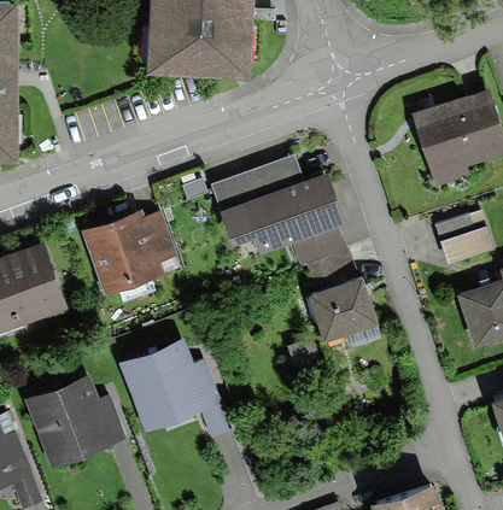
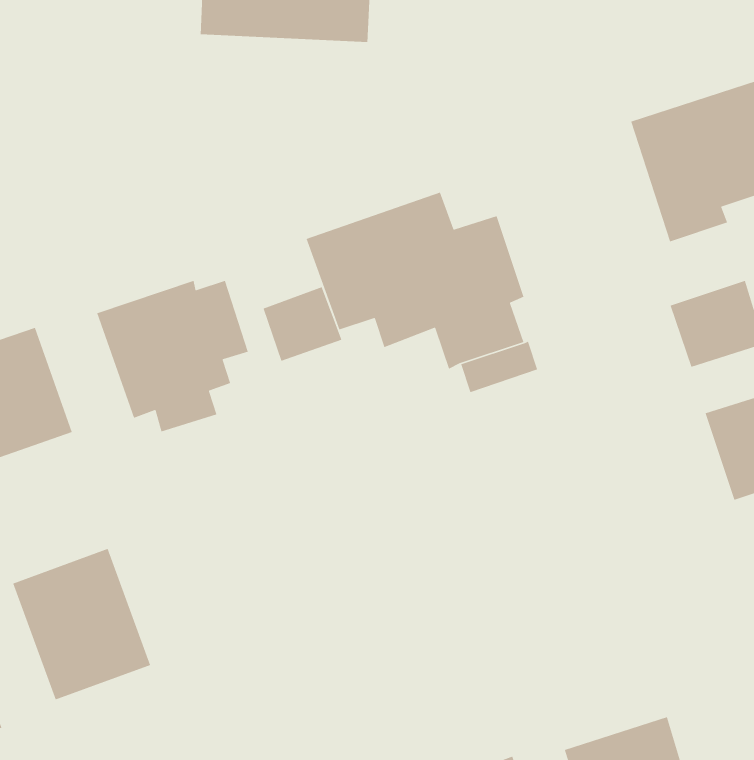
building: none -> [263,286,342,362]
building: [306,274,380,341] -> none
building: [123,344,209,438] -> none

